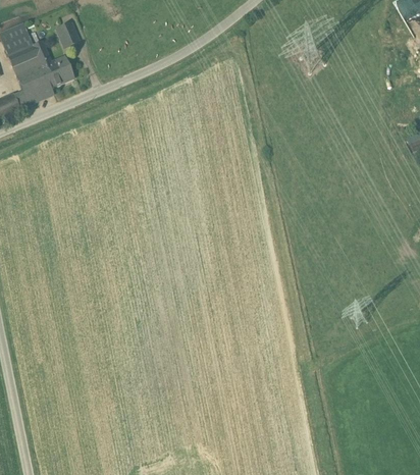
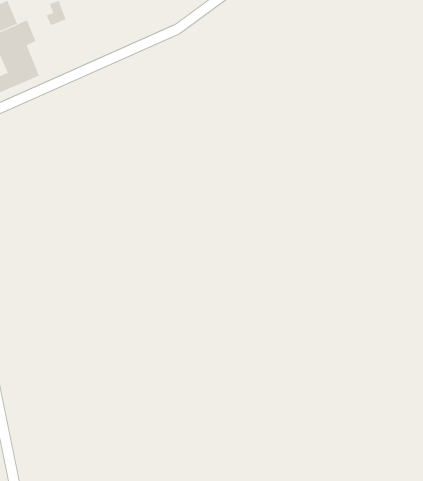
building: [43,55,74,88] -> none

